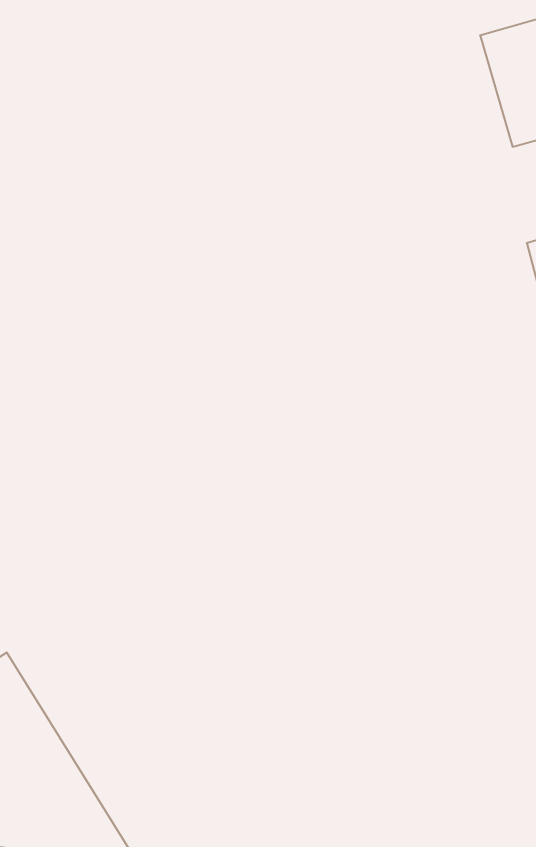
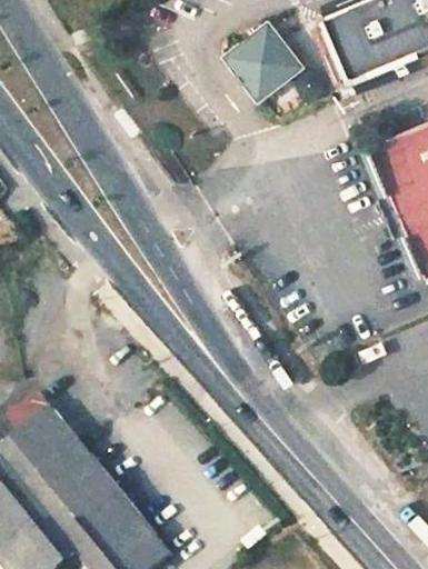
building: none -> [230,29,305,103]

